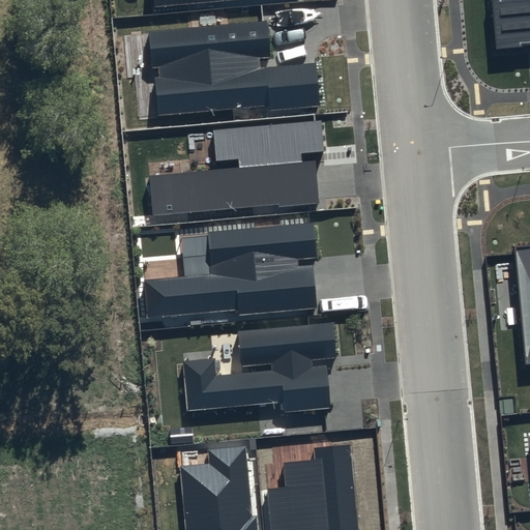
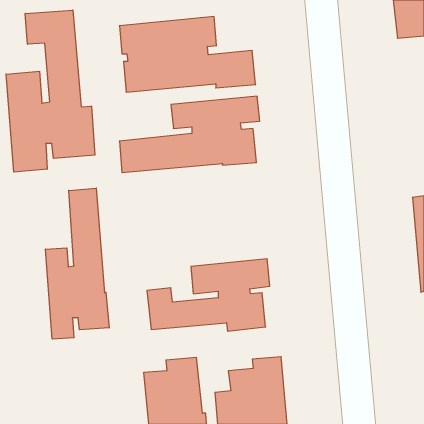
building: none -> [6,10,95,172]
building: [144,222,318,318] -> none
building: none -> [46,188,109,339]

